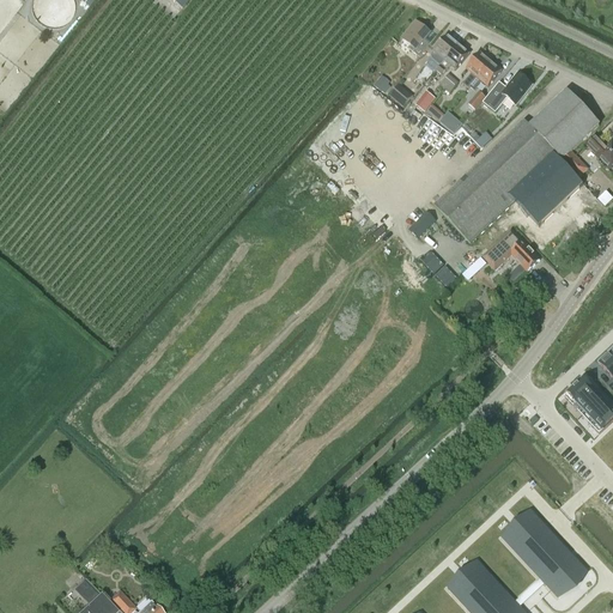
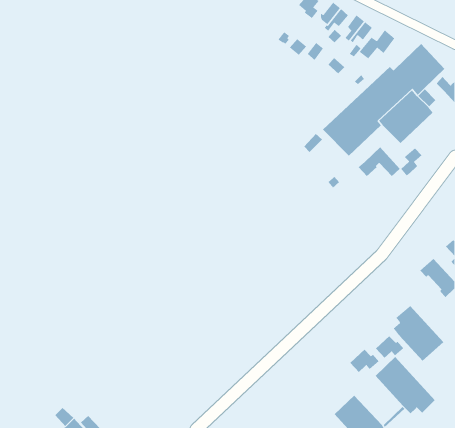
building: none -> [401,147,423,176]
building: none -> [393,305,444,361]
building: none -> [375,335,404,359]
building: none -> [350,349,379,373]

